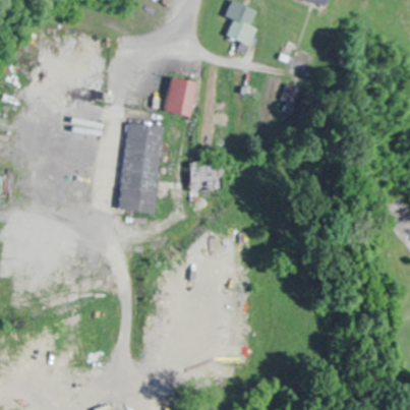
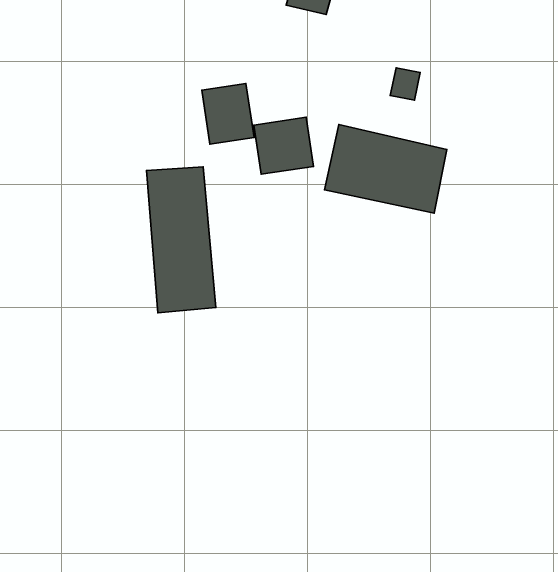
building: none -> [324,125,447,213]
building: [190,162,223,192] -> [254,117,314,174]

